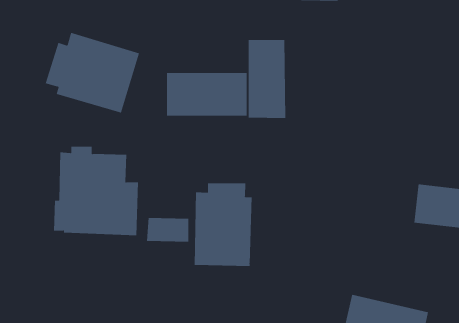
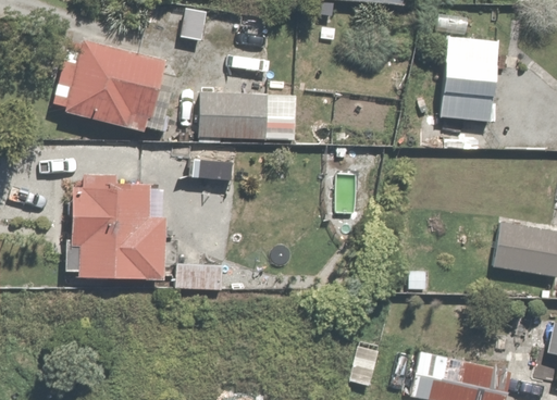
building: none -> [441,34,500,122]
building: [248,39,286,119] -> none
building: [194,182,252,267] -> none

